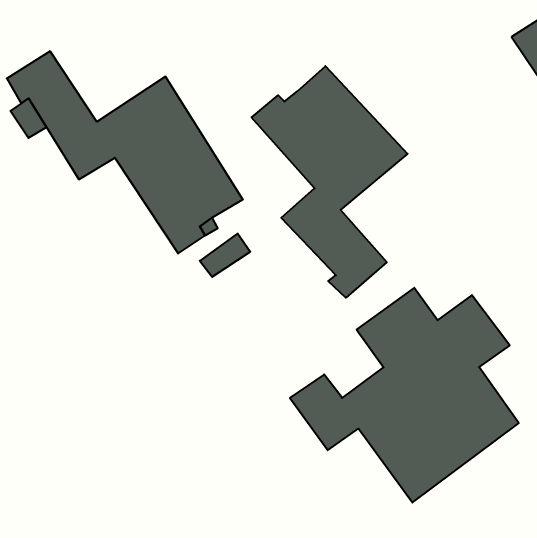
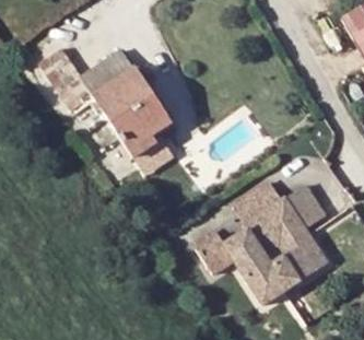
building: [252,66,408,298] -> none

